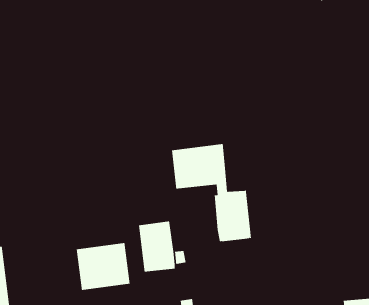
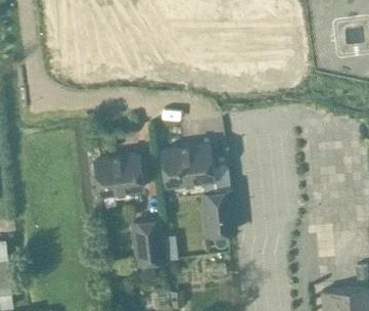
building: [76,242,131,291] -> [93,152,144,197]

